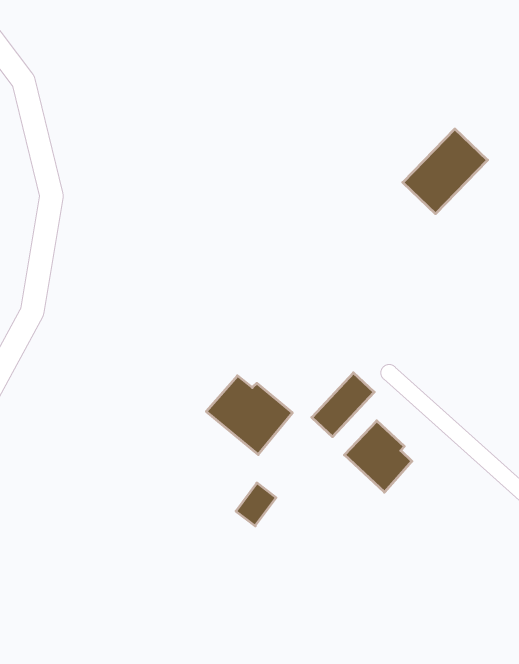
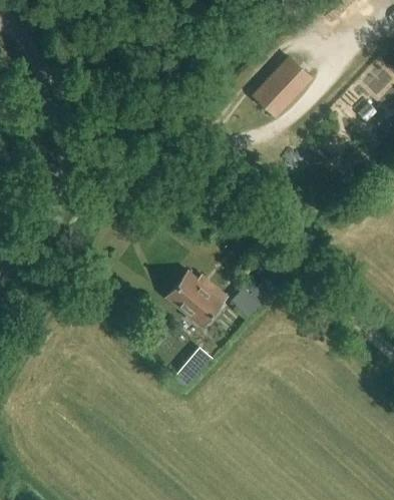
building: [403,129,488,214] -> [254,59,311,116]
building: [344,421,412,492] -> none

